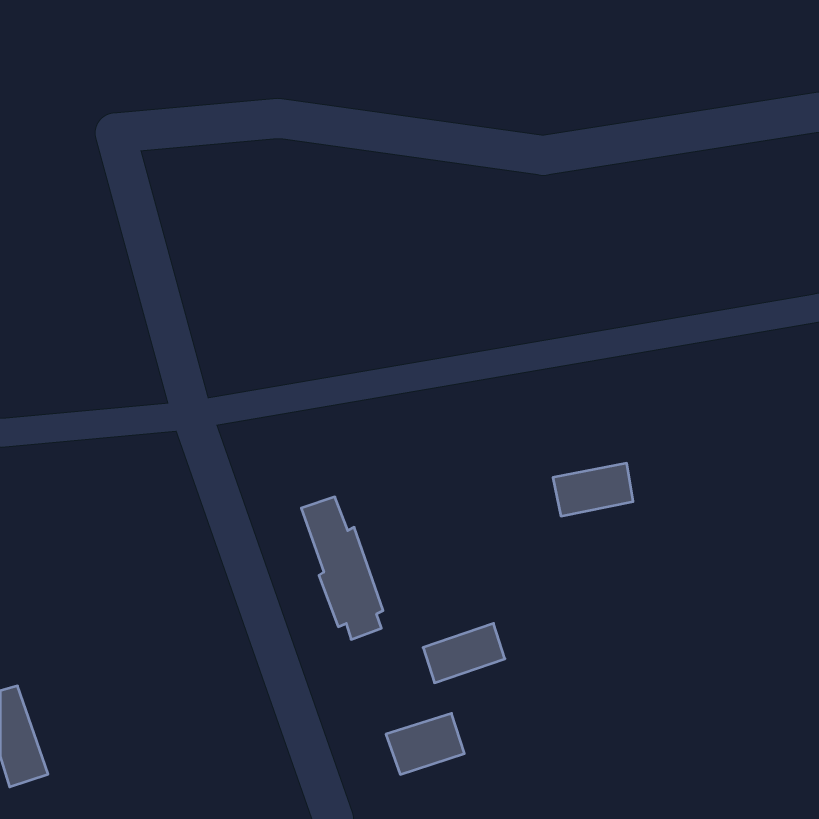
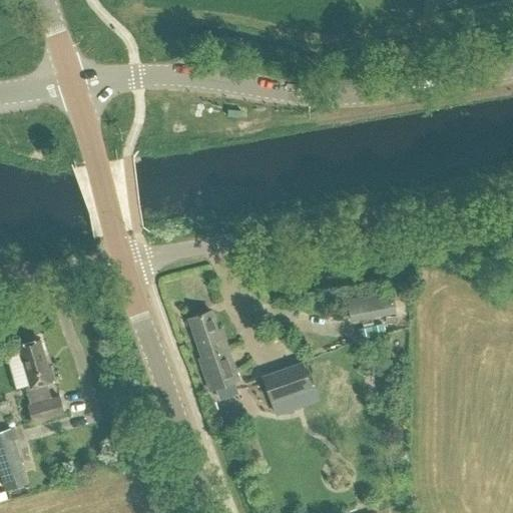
building: none -> [17,340,61,423]
building: [386,713,464,774] -> [262,363,311,401]

